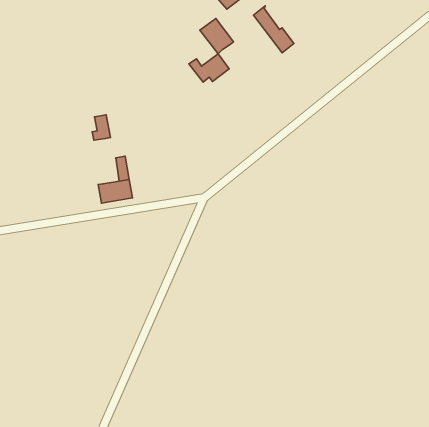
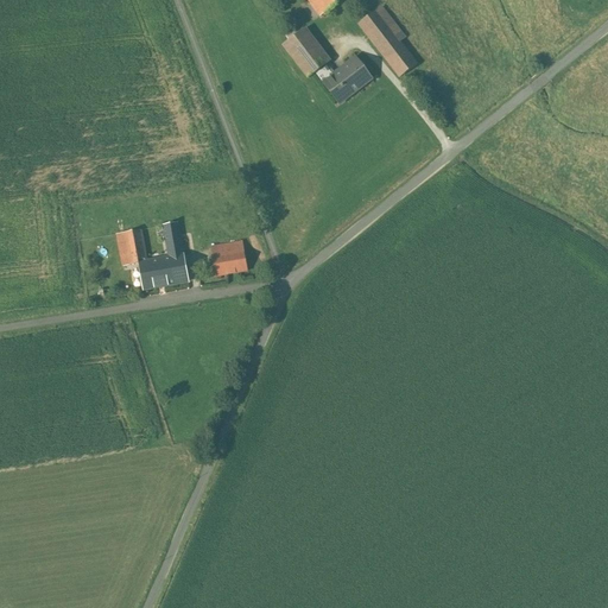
building: [189,54,229,82] -> [315,56,372,96]
building: [92,115,110,140] -> [120,228,146,264]
building: none -> [211,247,247,274]

